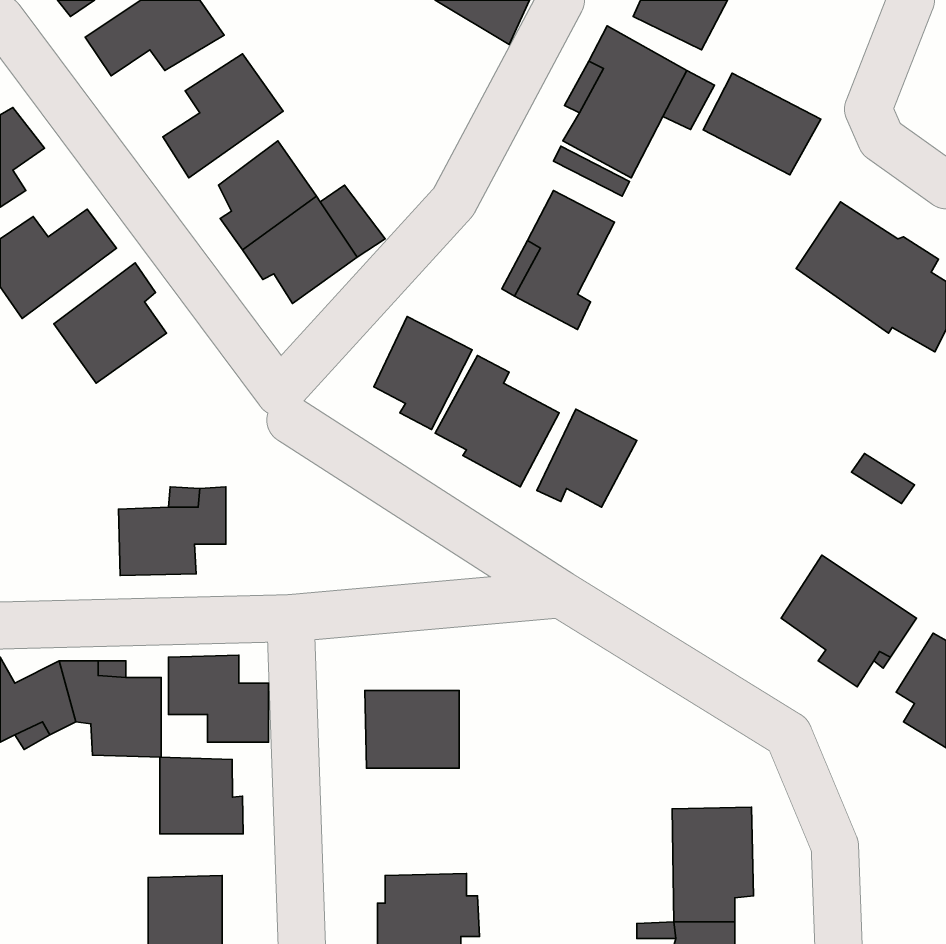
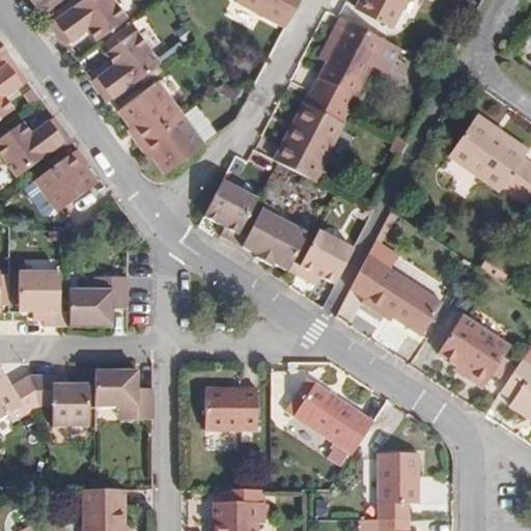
building: [703,73,821,175] -> none
building: none -> [351,239,439,332]
building: none -> [16,270,59,323]
building: none -> [286,378,371,452]
building: [160,757,243,834] -> none

